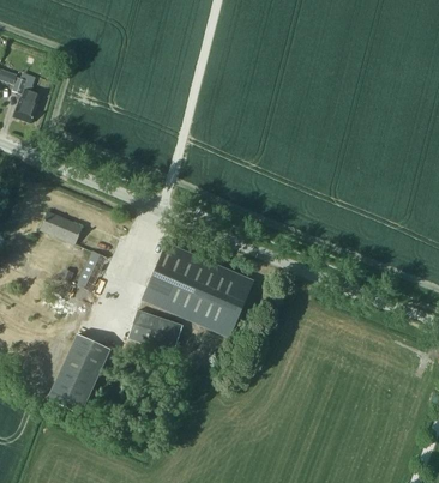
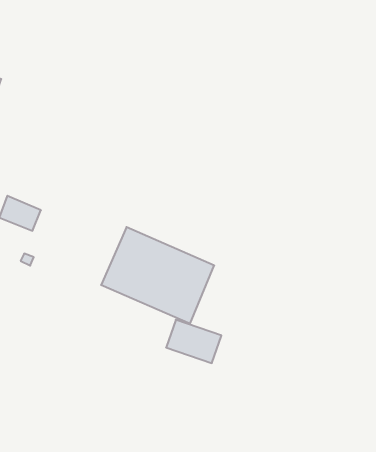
building: [127,310,182,354] -> [166,320,221,363]
building: [46,334,109,415] -> none

